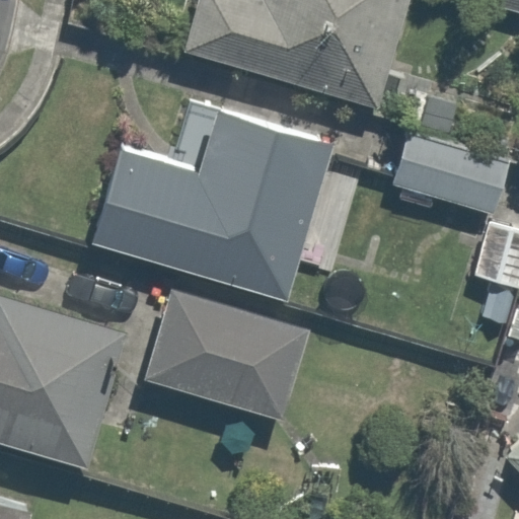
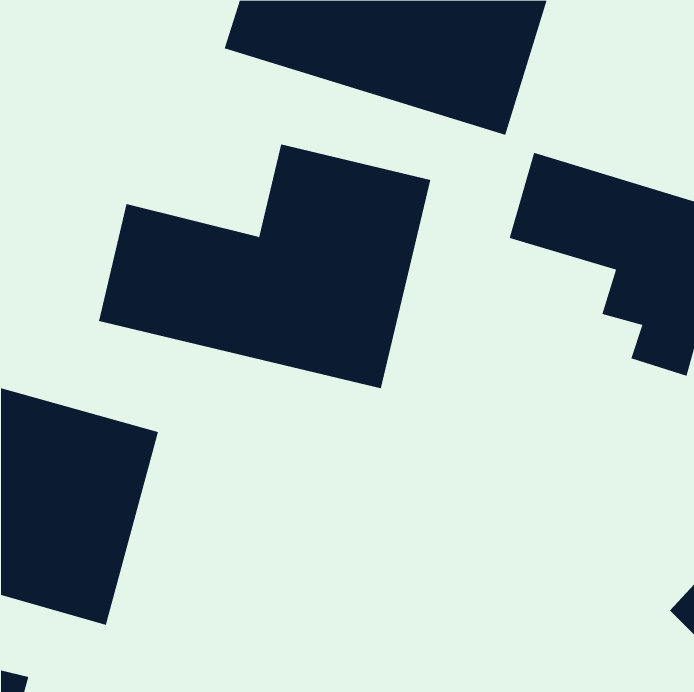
building: [143,285,311,425] -> none

